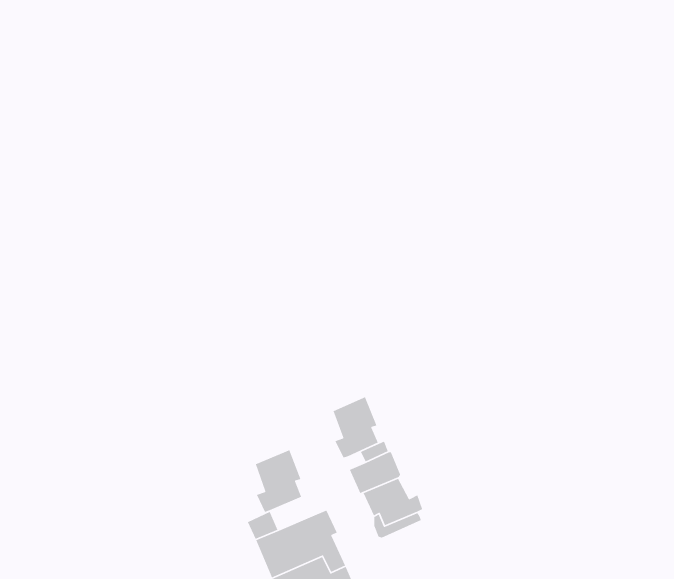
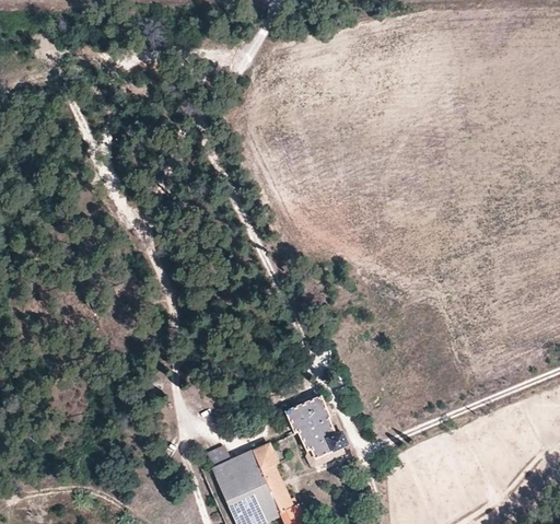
building: [332,396,379,459] -> none
building: [255,449,302,513] -> none

